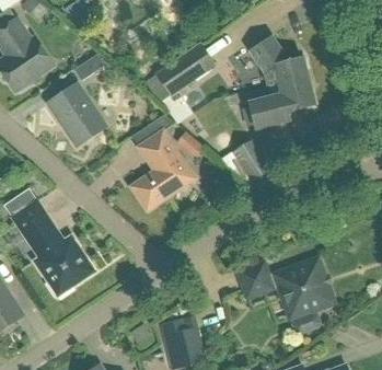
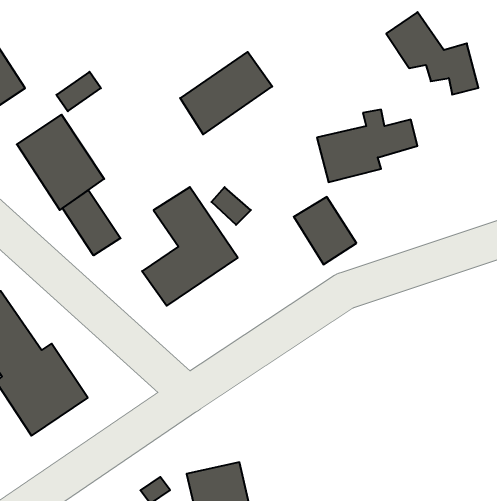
building: [247,36,309,91] -> [386,12,478,95]
building: none -> [63,190,121,255]
building: [236,258,333,334] -> none

